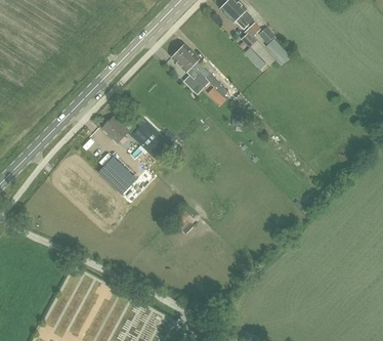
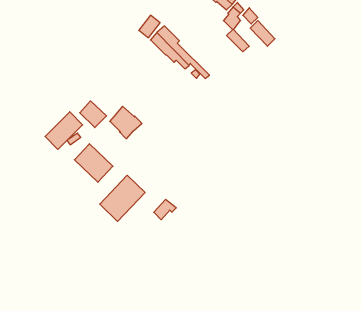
building: none -> [45,112,83,149]
building: none -> [100,175,145,221]

